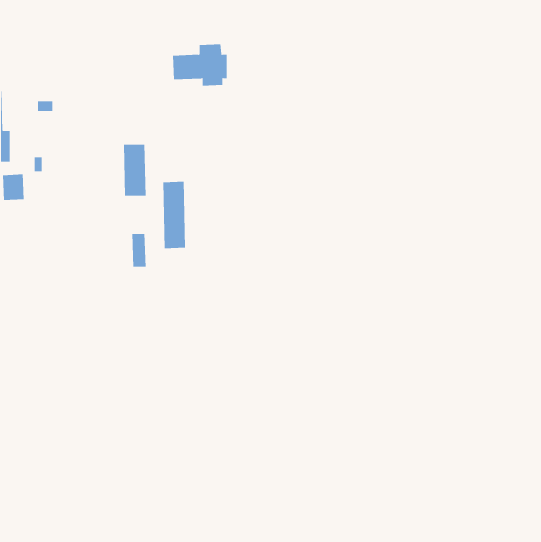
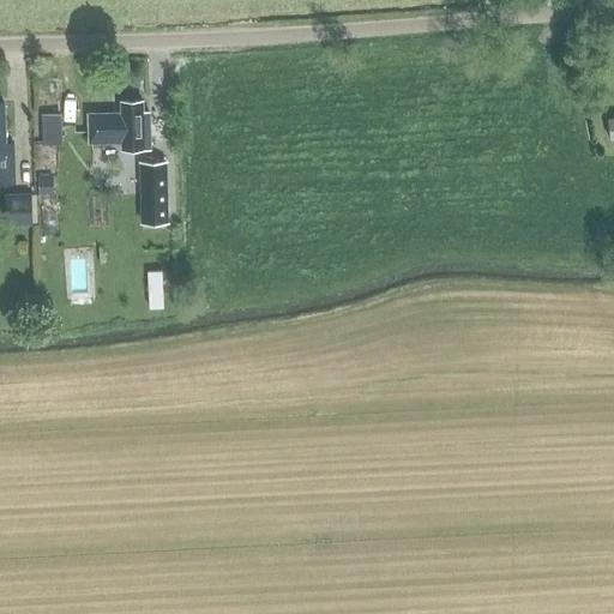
building: [172,44,227,86] -> [89,102,151,150]
building: [163,181,186,249] -> none

